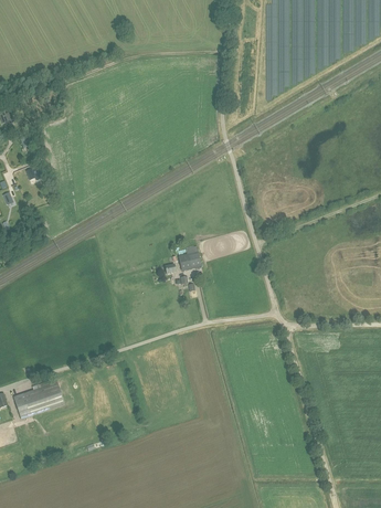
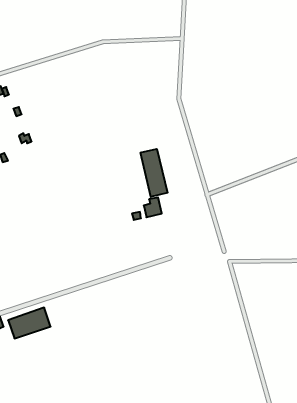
building: none -> [141,149,168,197]

